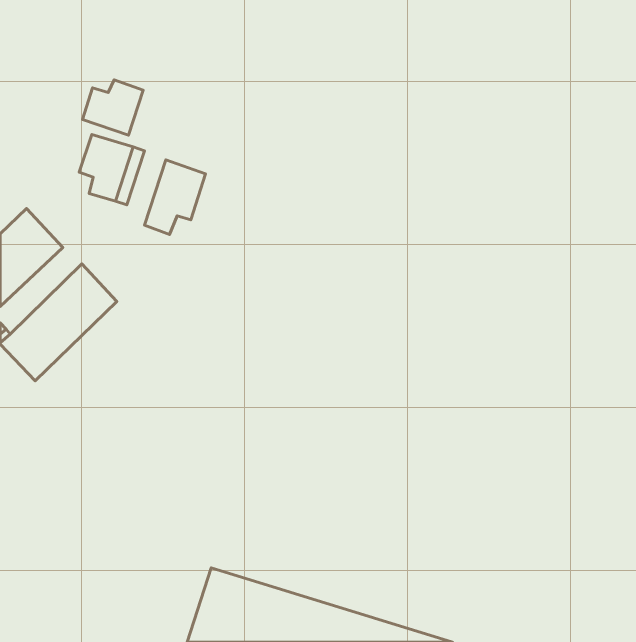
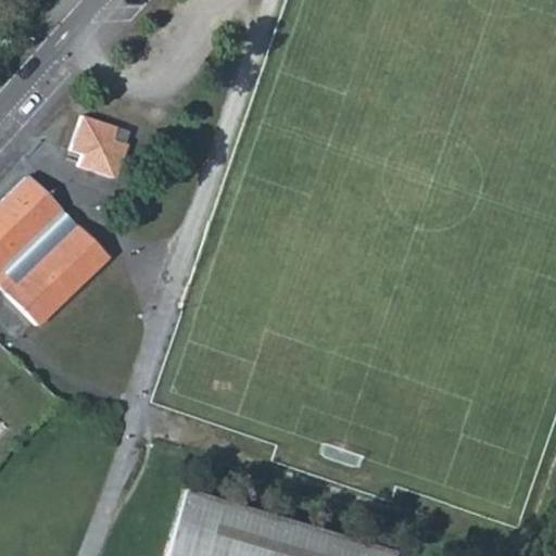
building: [83,80,143,135] -> none
building: [144,160,205,235] -> none

